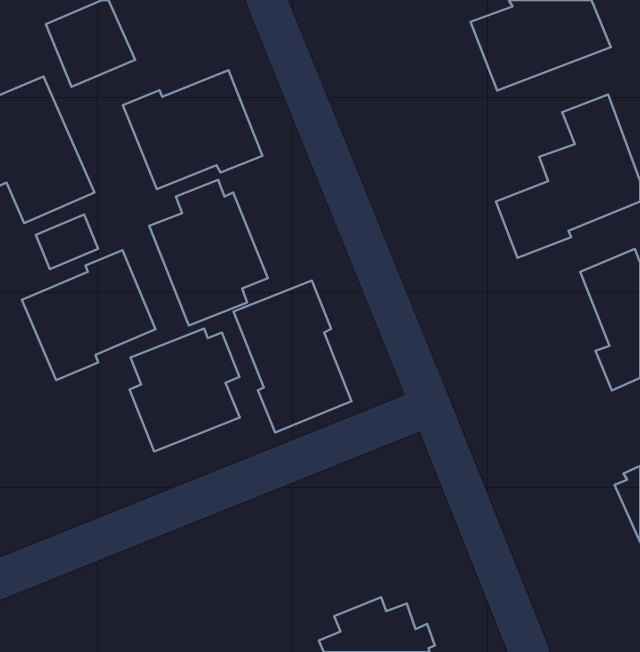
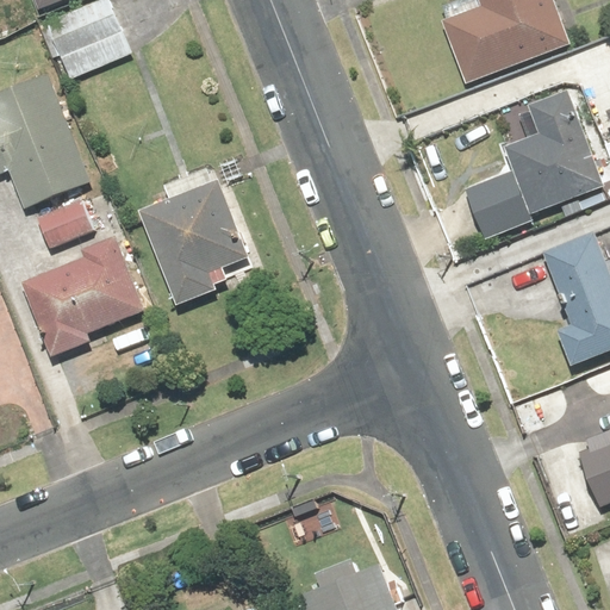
building: [123,70,262,189] -> none
building: [233,280,352,432] -> none
building: [129,329,240,452] -> none

